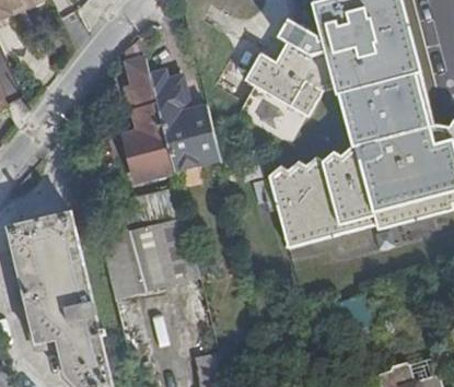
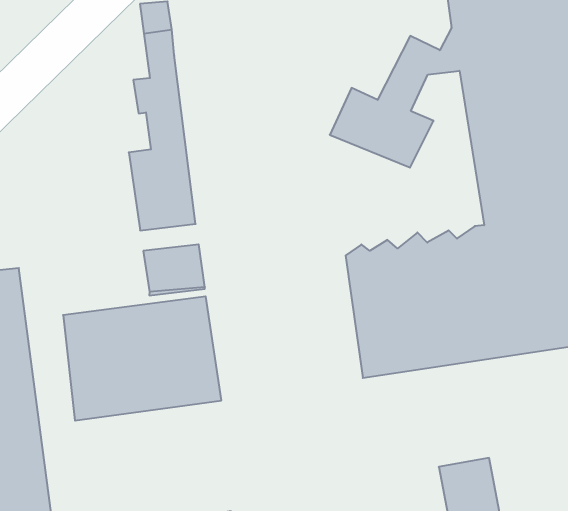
building: [149,70,223,173] -> none

